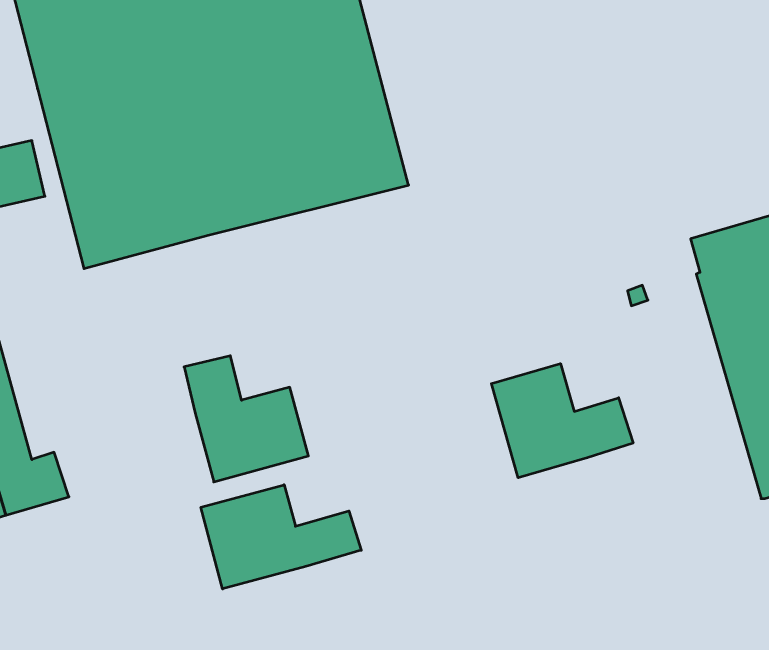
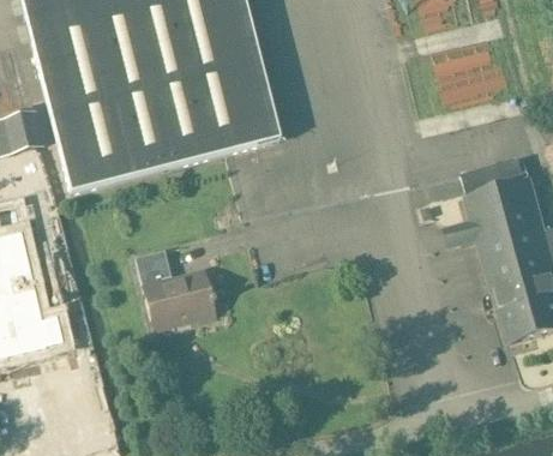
building: [491,364,633,478] -> none
building: [201,485,361,589] -> none

